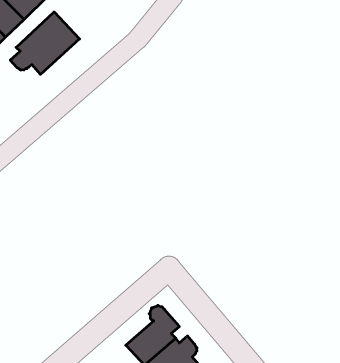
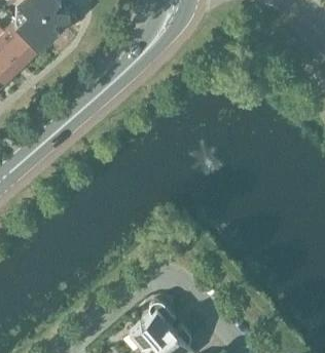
building: [10,12,80,74] -> none

